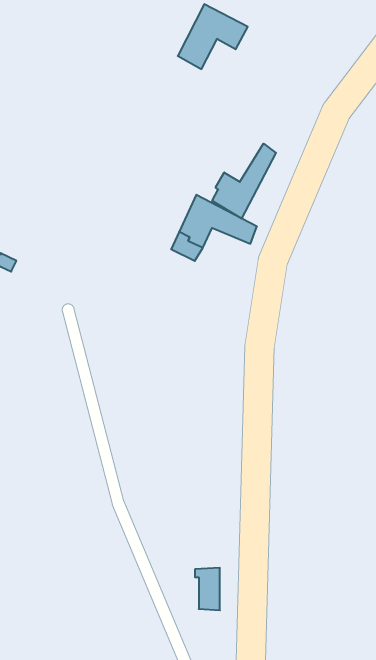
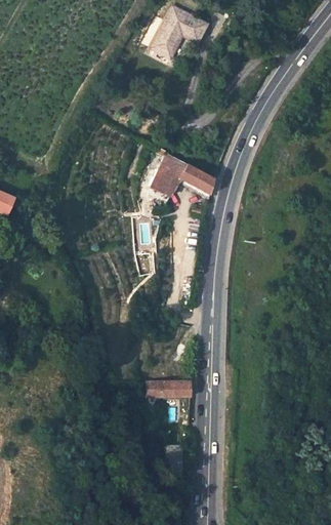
building: [212,144,276,219] -> none
building: none -> [147,378,193,396]

